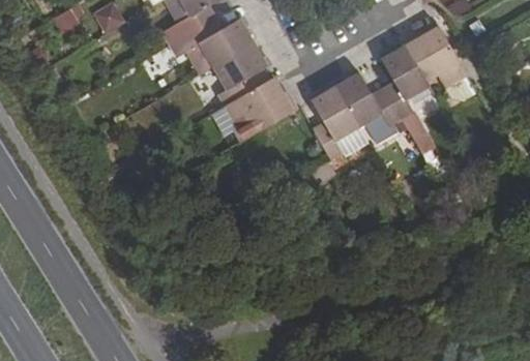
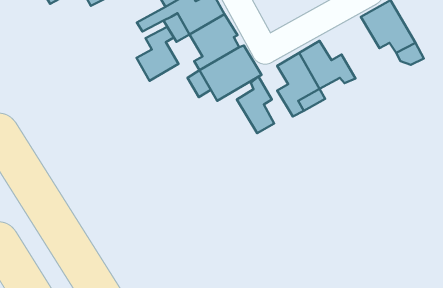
building: [382,44,432,149] -> none
building: none -> [136,27,178,81]
building: none -> [237,77,274,133]

